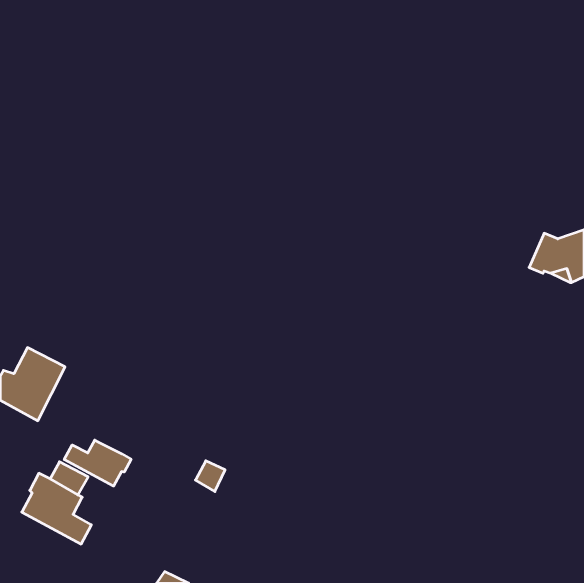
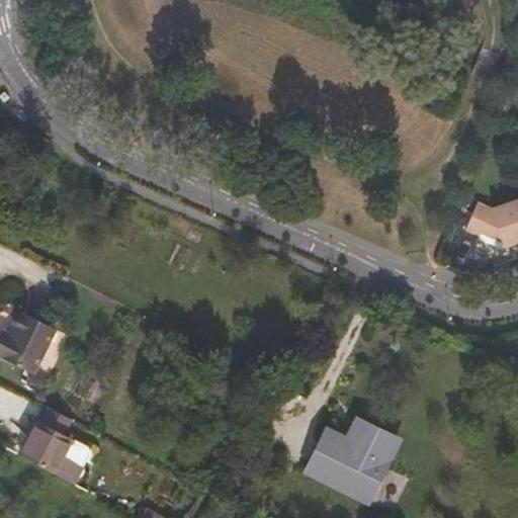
building: [64,440,131,486] -> none
building: none -> [308,421,395,497]

